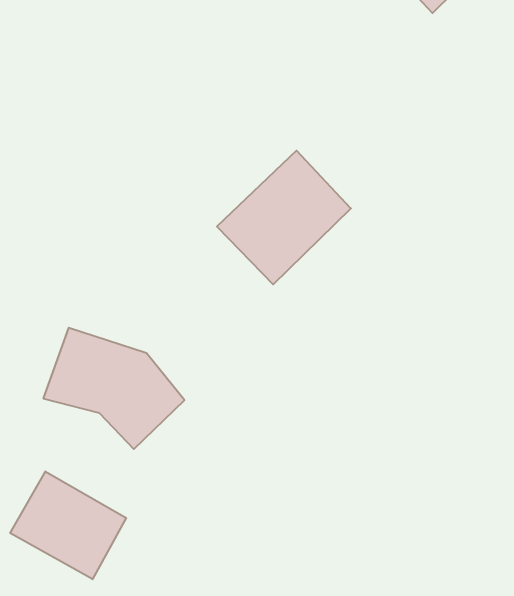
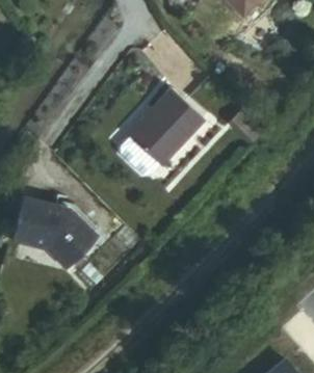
building: [10,471,126,579] -> none

